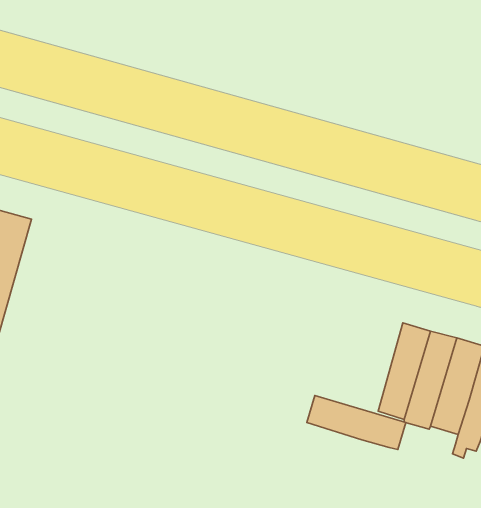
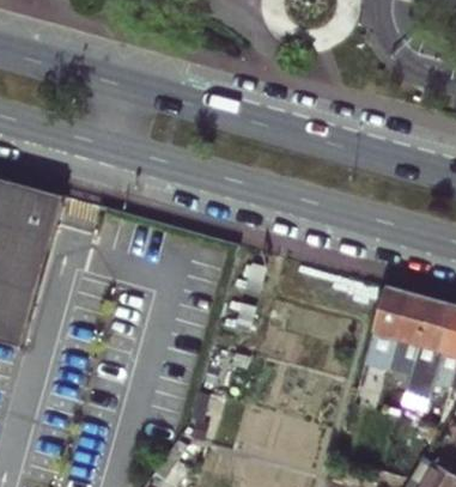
building: [307,396,406,450] -> none

